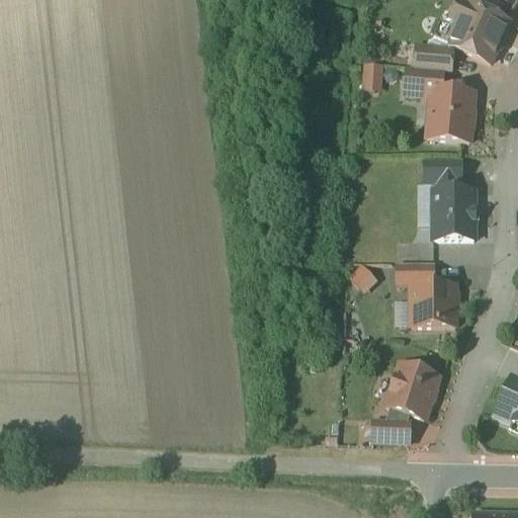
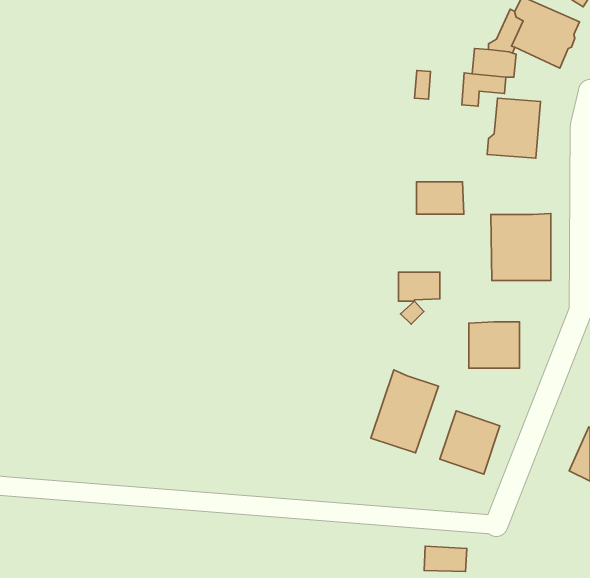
building: [425,160,466,188] -> [416,182,464,214]
building: [397,259,433,284] -> [398,272,440,301]
building: none -> [371,370,439,453]
building: [372,417,410,439] -> [424,546,467,572]

